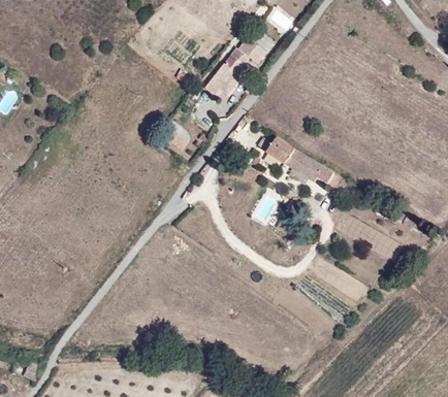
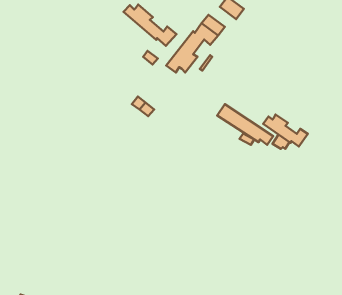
building: none -> [124,5,177,46]
building: none -> [263,114,308,147]

